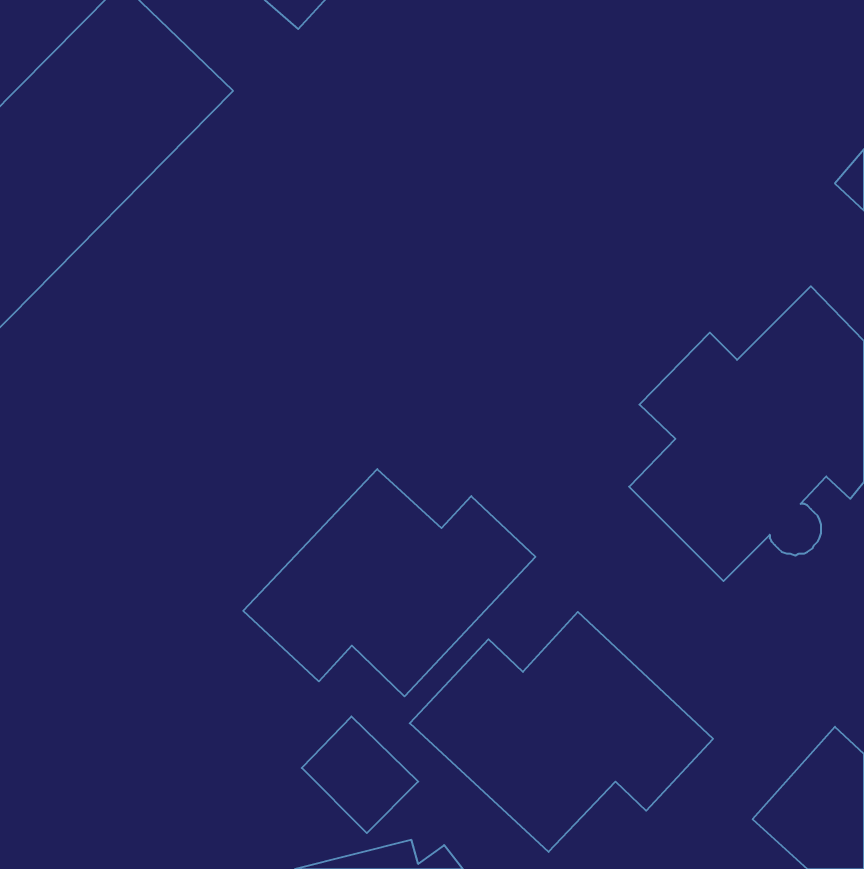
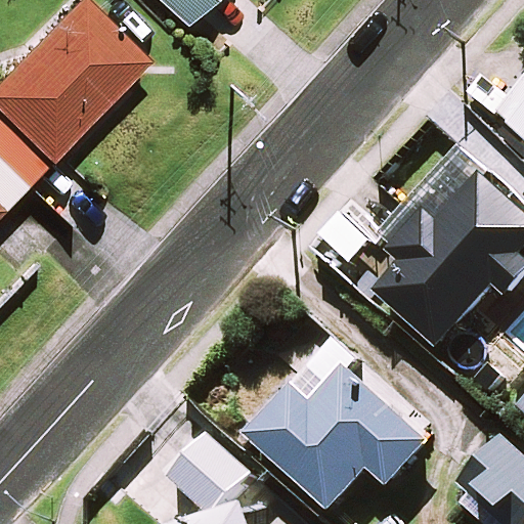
building: [243,469,535,696] -> none

